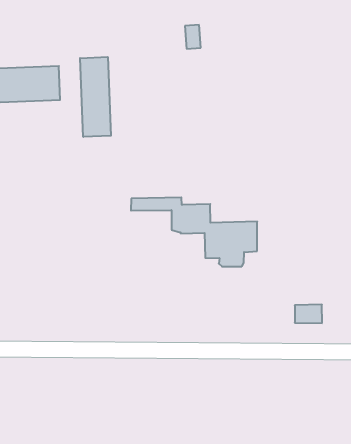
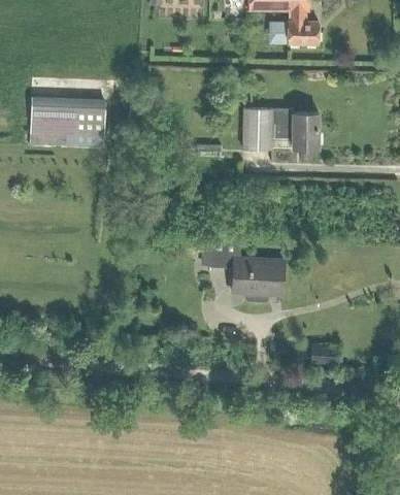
building: [80,57,111,137] -> none
building: none -> [245,107,319,159]

